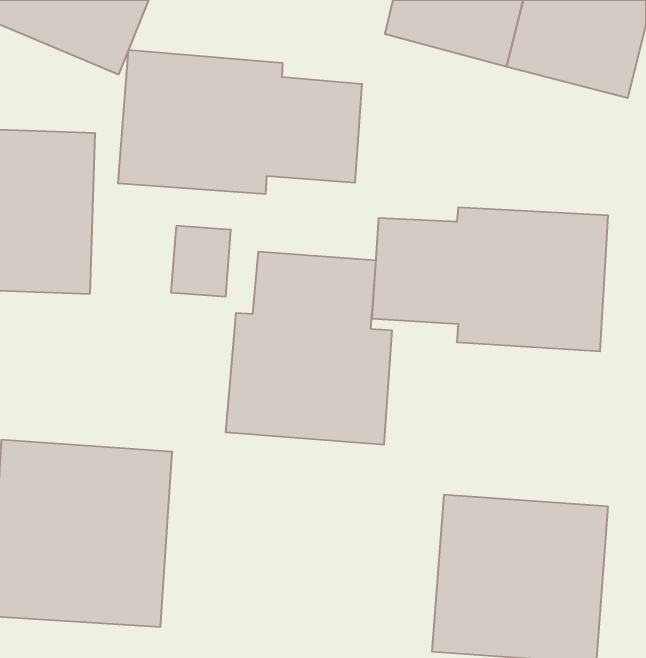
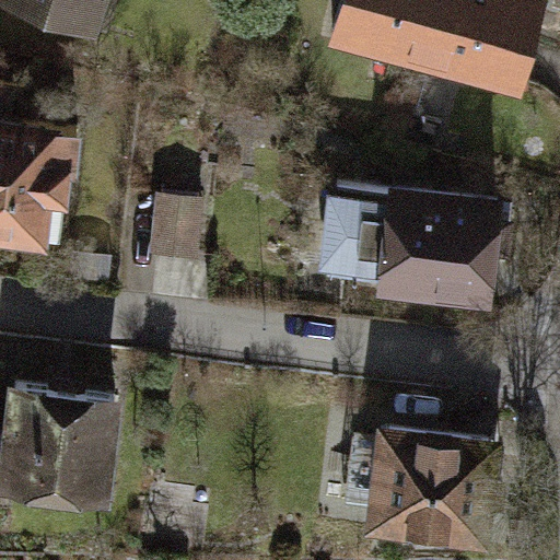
building: [118,50,362,194] -> none
building: [226,252,392,445] -> none

